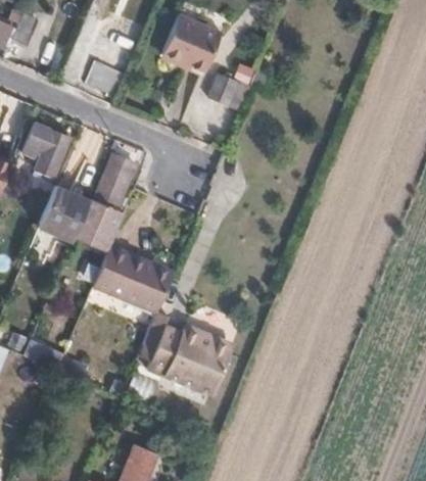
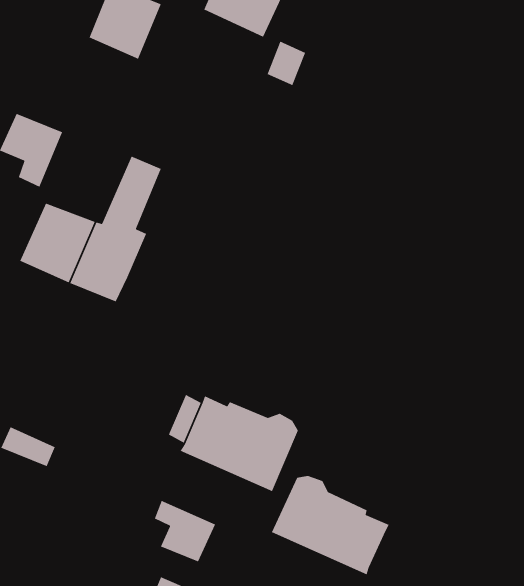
building: [94,241,173,306] -> none
building: none -> [271,475,390,575]
building: none -> [154,500,216,563]

